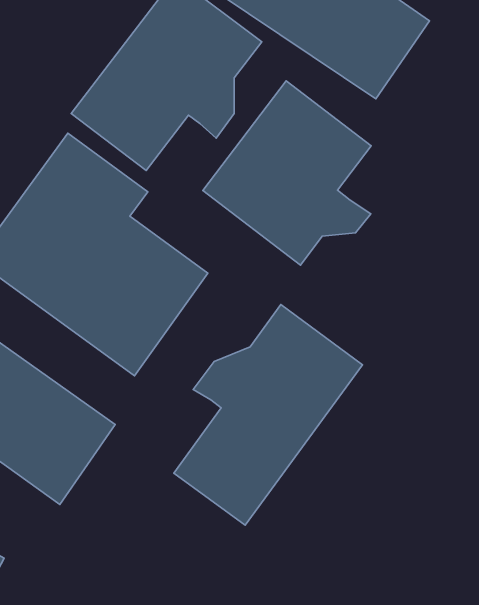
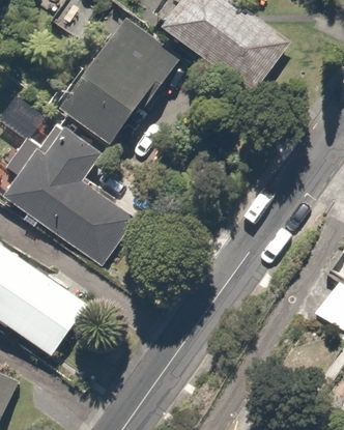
building: [203,81,371,265] -> none
building: [174,304,362,525] -> none

